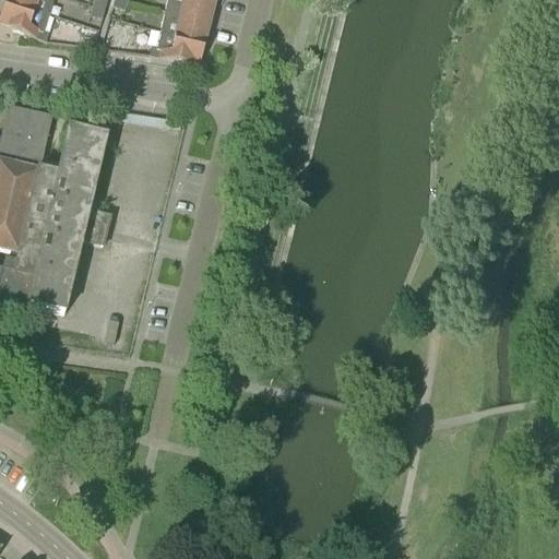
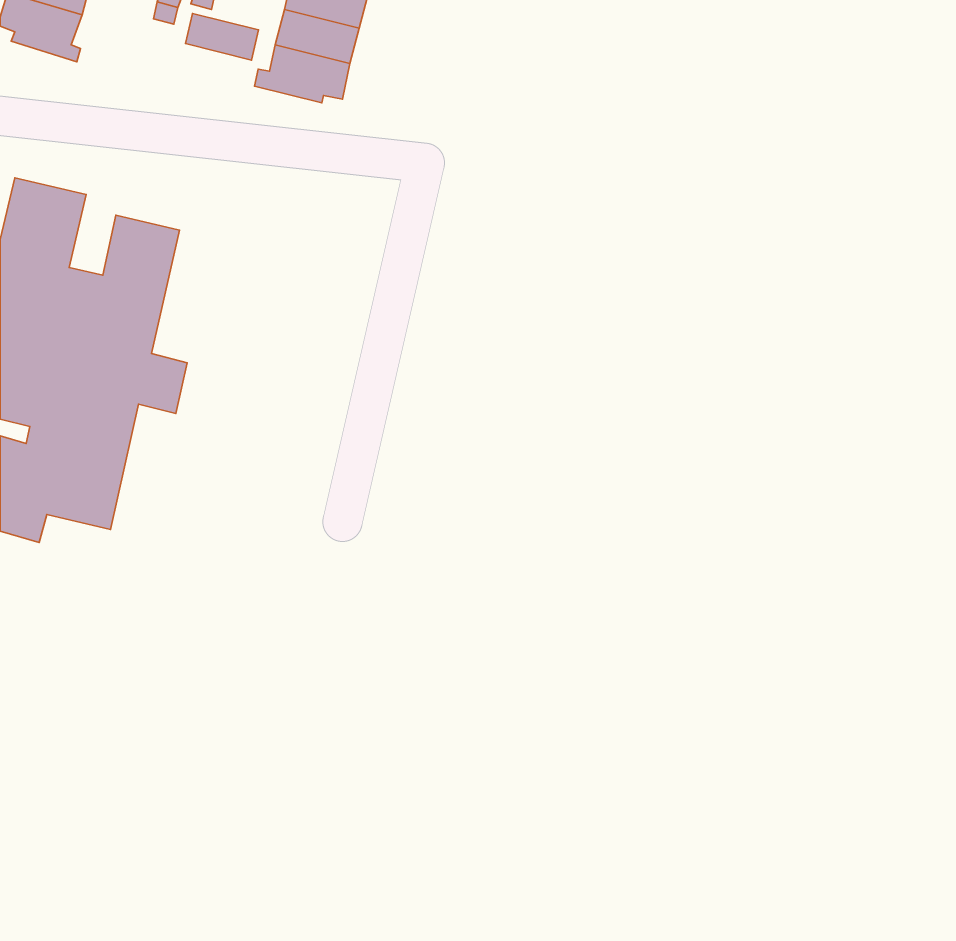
building: none -> [185,13,259,60]

